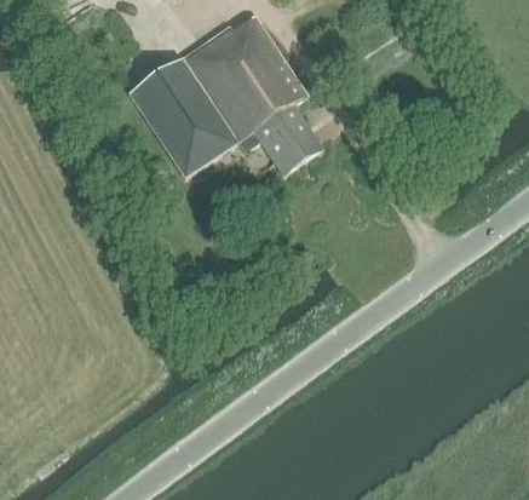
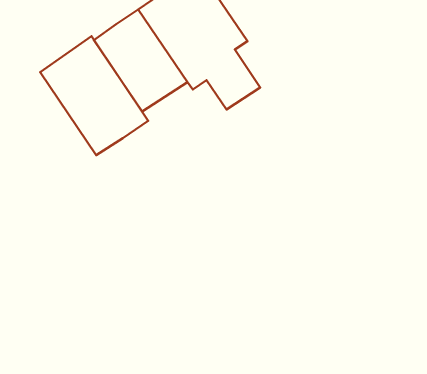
building: none -> [40,36,148,155]

